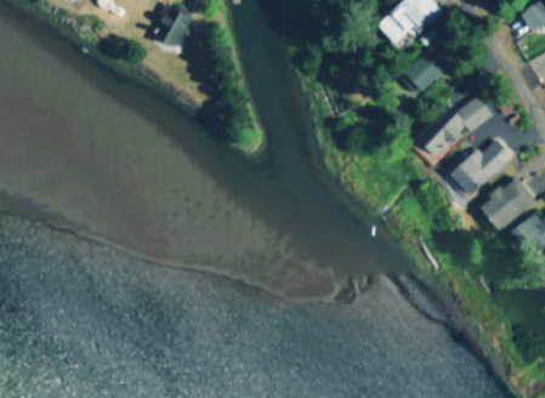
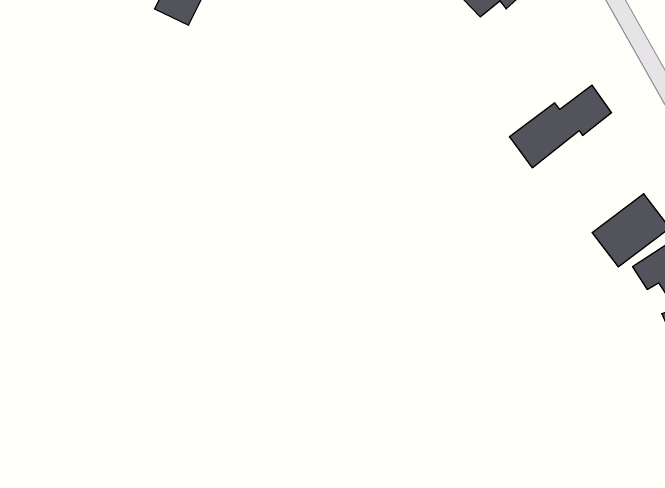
building: [402,47,450,95] -> none
building: [450,140,513,195] -> none

